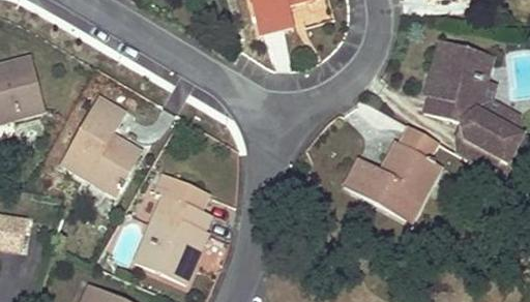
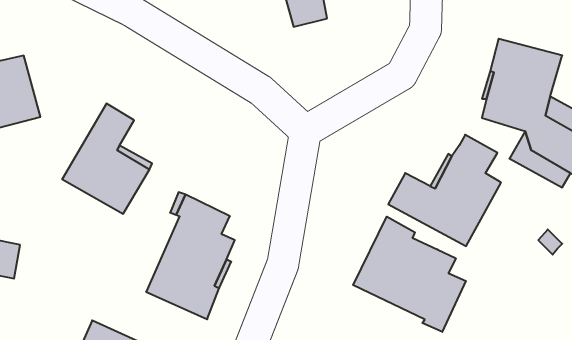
building: none -> [353,217,466,332]

